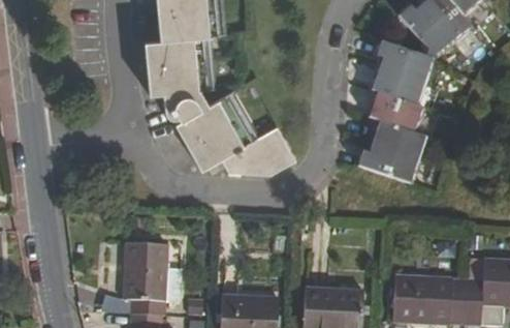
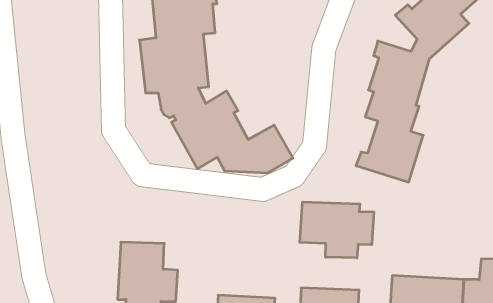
building: none -> [300,202,374,258]

